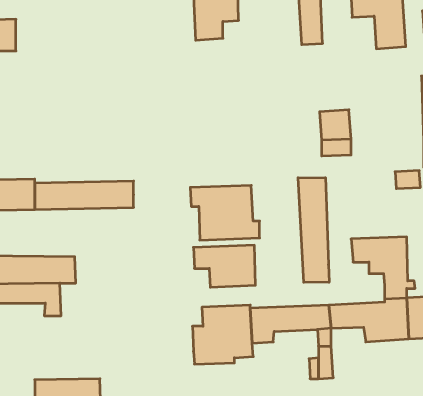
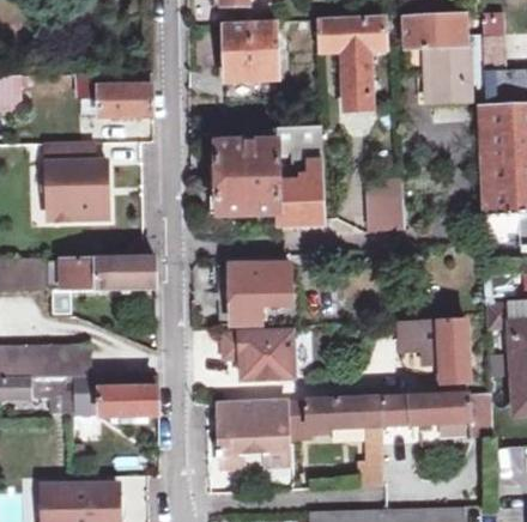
building: none -> [74,73,151,117]
building: none -> [214,126,326,225]
building: none -> [44,142,107,221]
building: [298,178,329,282] -> none
building: none -> [71,375,157,415]

